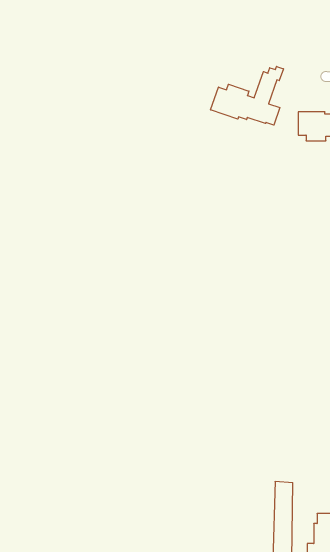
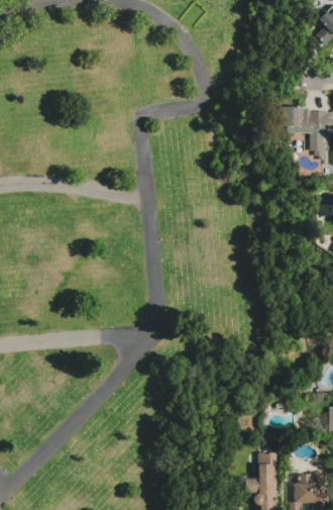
building: [211,66,283,125] -> none

